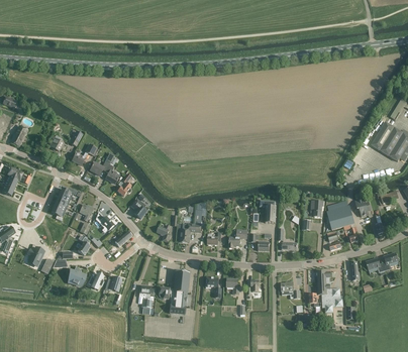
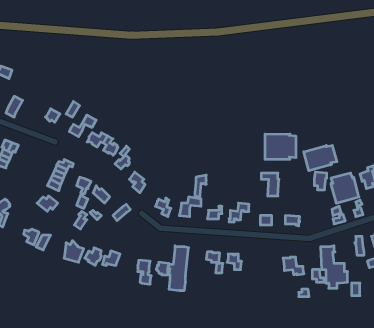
building: none -> [265,134,296,159]
building: none -> [304,145,337,171]

